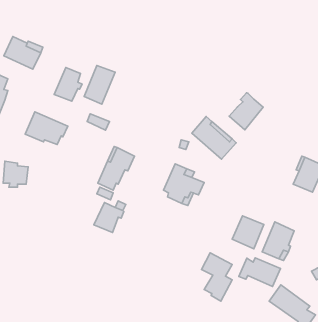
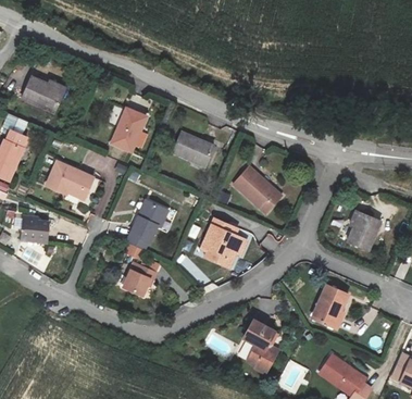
building: [54,67,82,101] -> none
building: none -> [172,130,214,166]
building: [229,93,263,130] -> none
building: [232,216,264,249] -> none
building: [239,258,281,287] -> none

